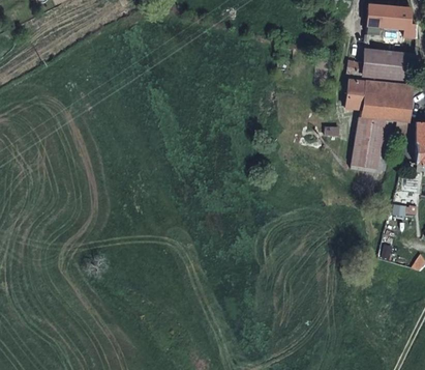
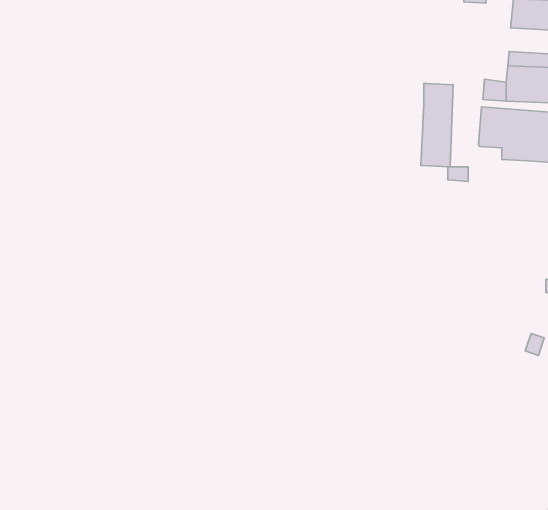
building: [357,119,380,178] -> [421,84,453,167]

